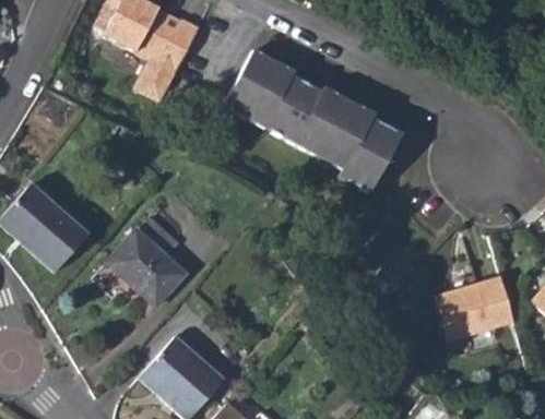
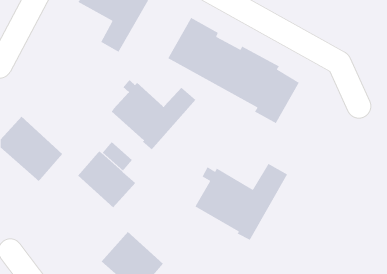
building: none -> [111,79,197,150]
building: none -> [194,163,288,241]
building: [436,273,514,339] -> none

